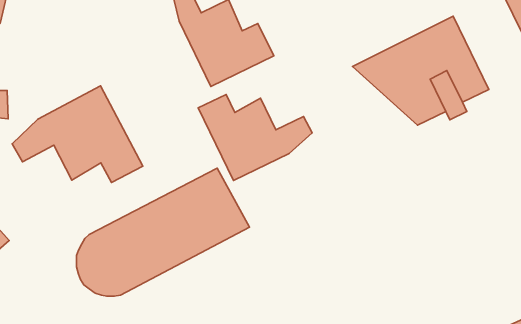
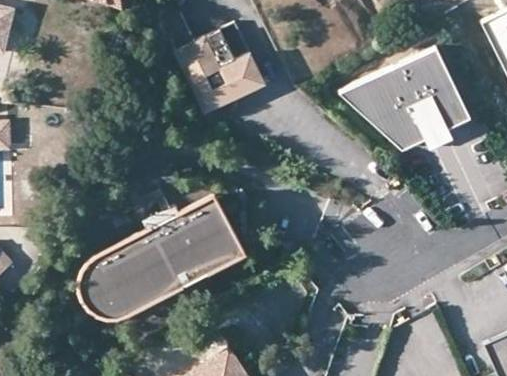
building: [12,86,143,183] -> none
building: [198,94,312,181] -> none

